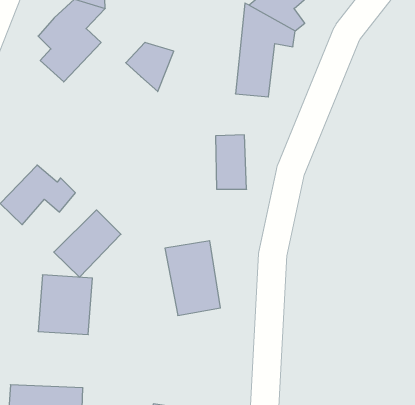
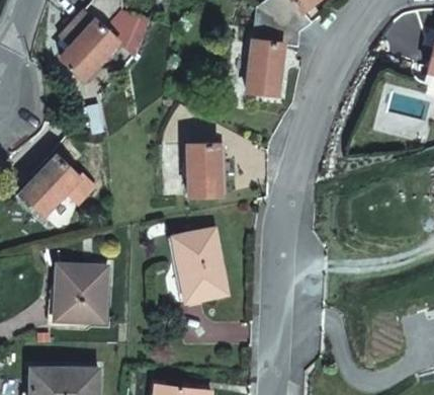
building: [126,42,174,92] -> [103,9,149,56]
building: [216,135,247,189] -> [190,144,220,195]
building: [54,210,121,277] -> none

